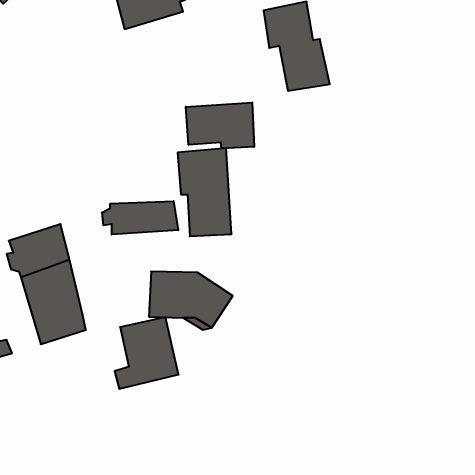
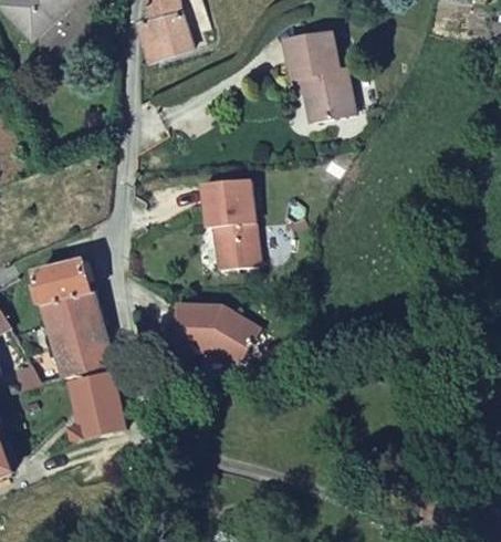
building: [186,102,254,148] -> none
building: [102,201,178,235] -> none
building: [115,317,179,389] -> [61,369,125,441]

